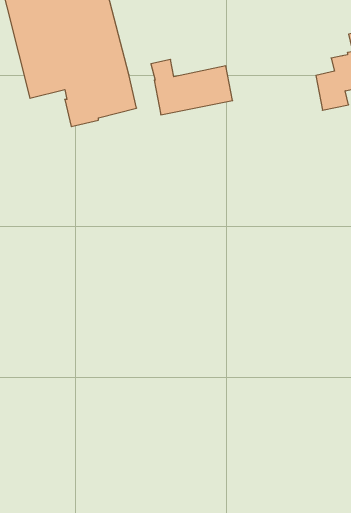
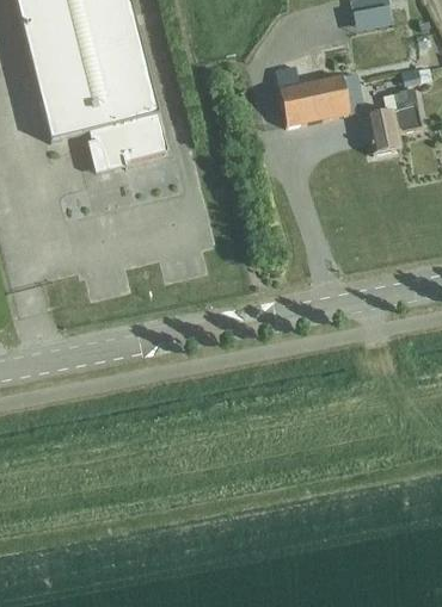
building: [151,59,233,115] -> [275,64,364,125]

